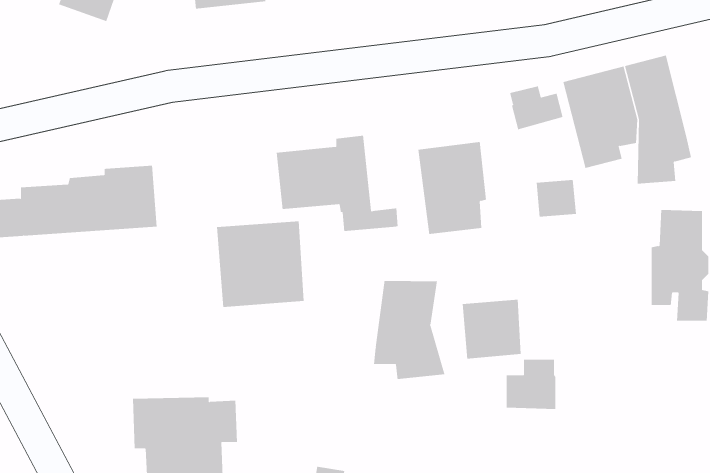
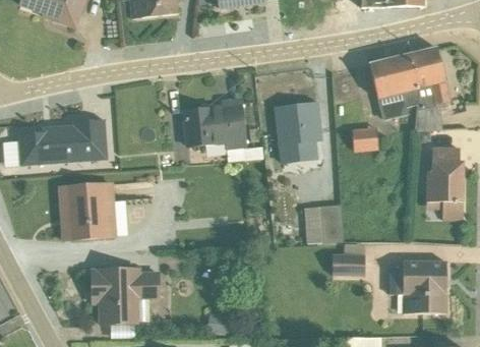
building: [510,85,563,130] -> none
building: [216,221,304,307] -> [59,182,116,238]
building: [374,280,445,380] -> none
building: none -> [387,261,445,312]

